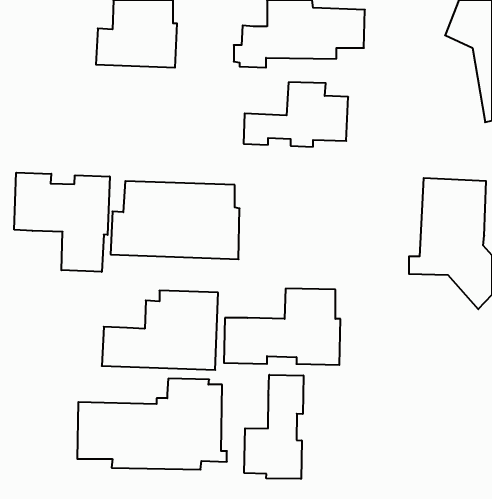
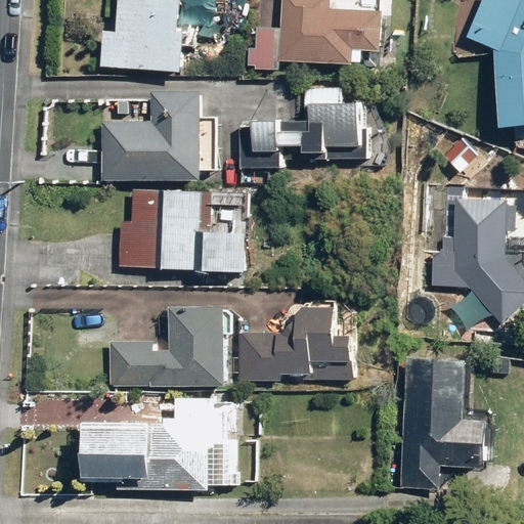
building: none -> [99,93,216,180]
building: [14,173,110,272] -> none
building: none -> [397,355,490,491]
building: [244,375,303,479] -> none

